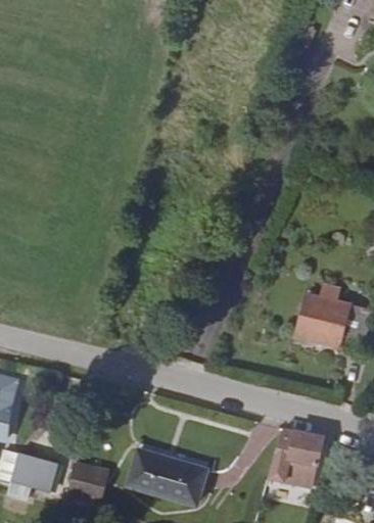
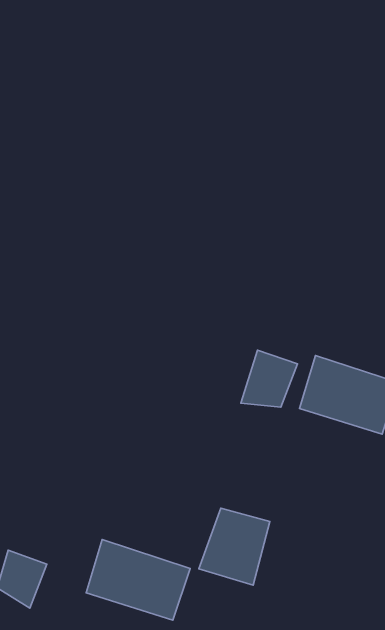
building: none -> [241,350,298,407]
building: [268,436,321,494] -> [199,508,270,585]

